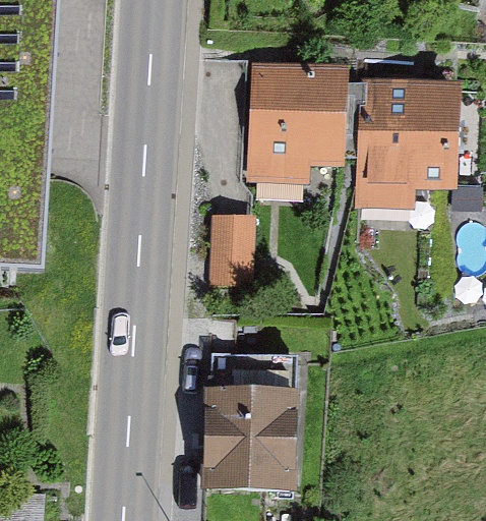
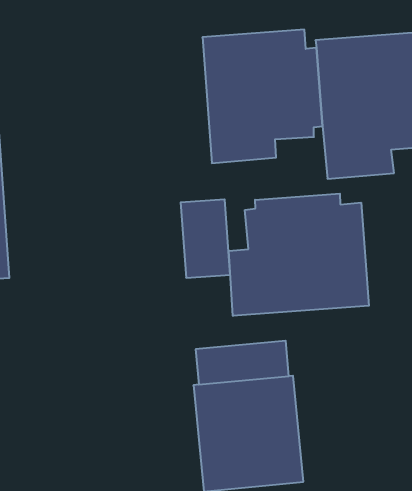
building: none -> [229,194,369,316]

